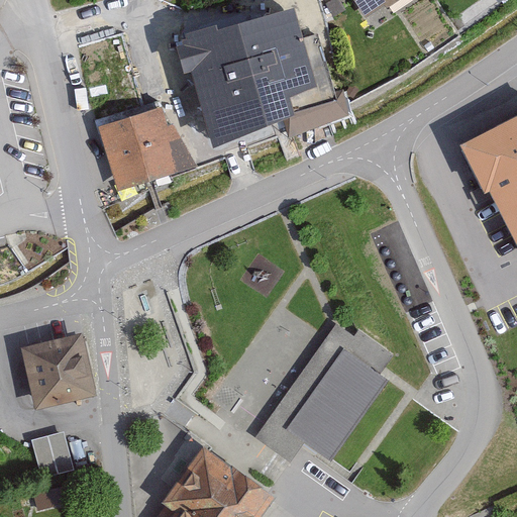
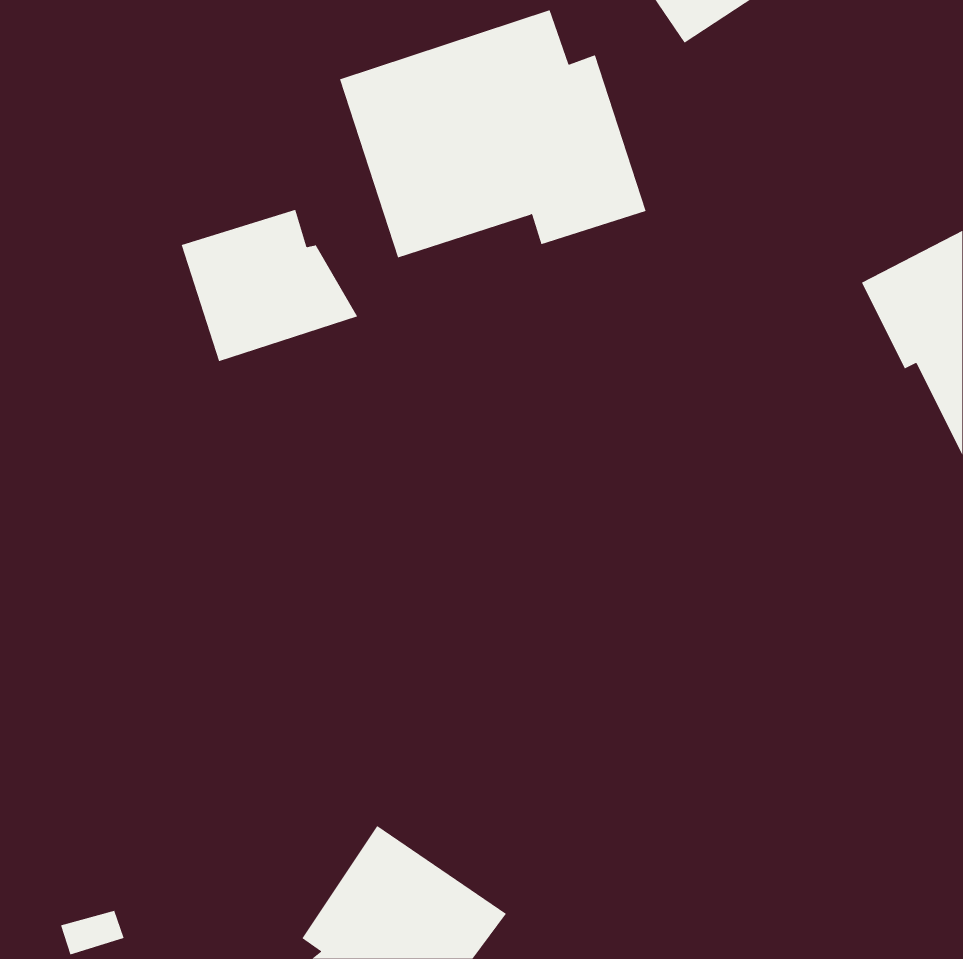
building: [258,324,389,459] -> none
building: [20,334,98,409] -> none
building: [29,433,71,480] -> none

